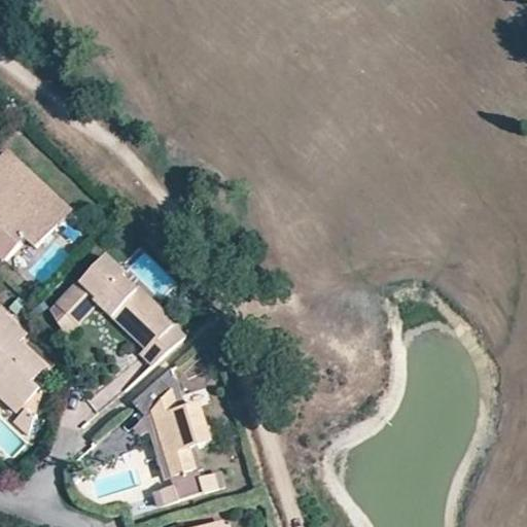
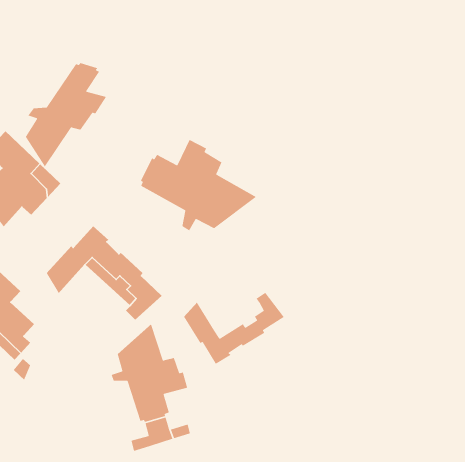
building: none -> [25,62,107,168]
building: none -> [140,139,257,232]
building: none -> [183,292,285,365]

